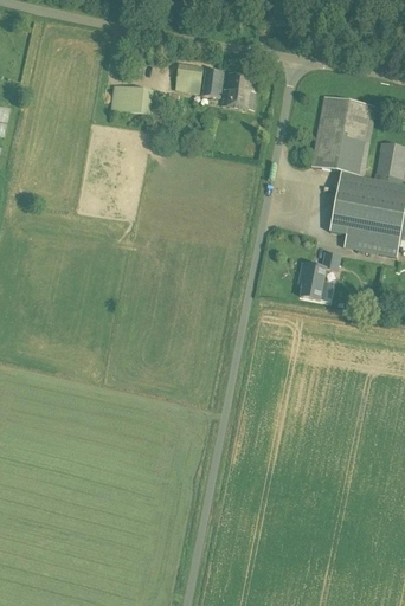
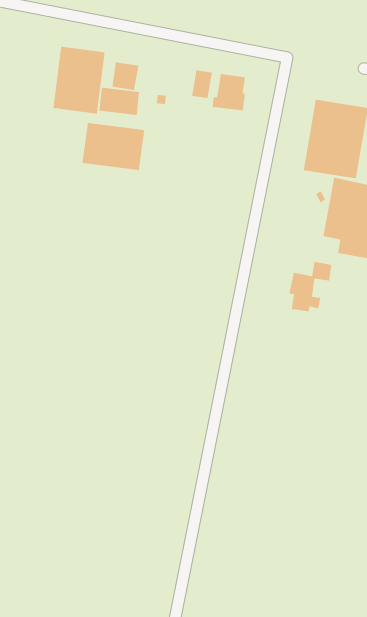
building: none -> [53,46,105,115]
building: [175,64,202,92] -> [111,62,139,91]
building: none -> [81,122,145,171]

